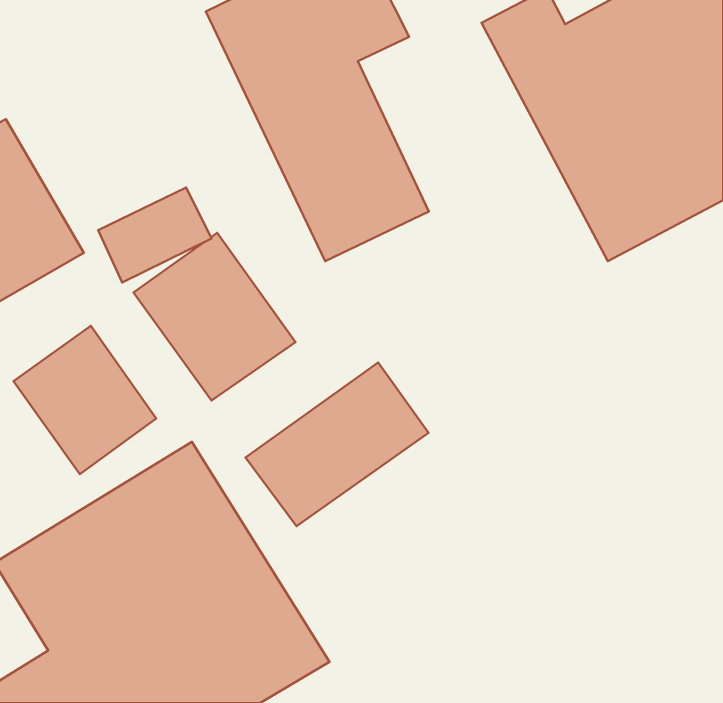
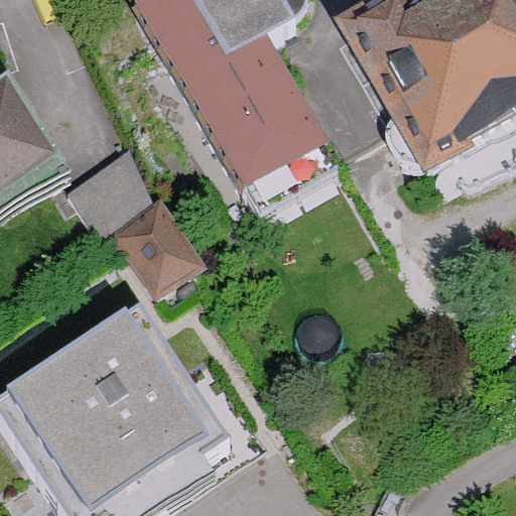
building: [14,326,156,474] -> none
building: [246,363,428,526] -> none

